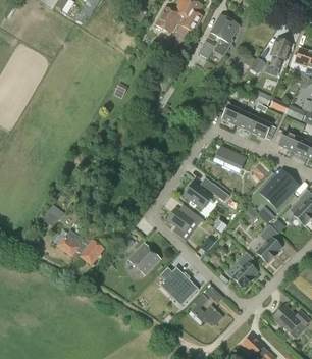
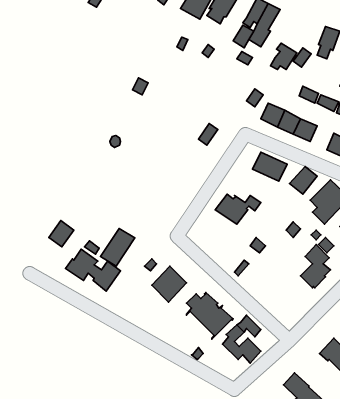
building: [167,208,201,238] -> none
building: none -> [100,228,135,266]
building: [231,253,257,288] -> none

